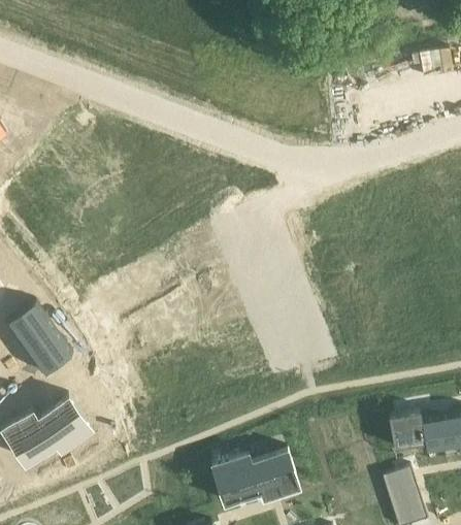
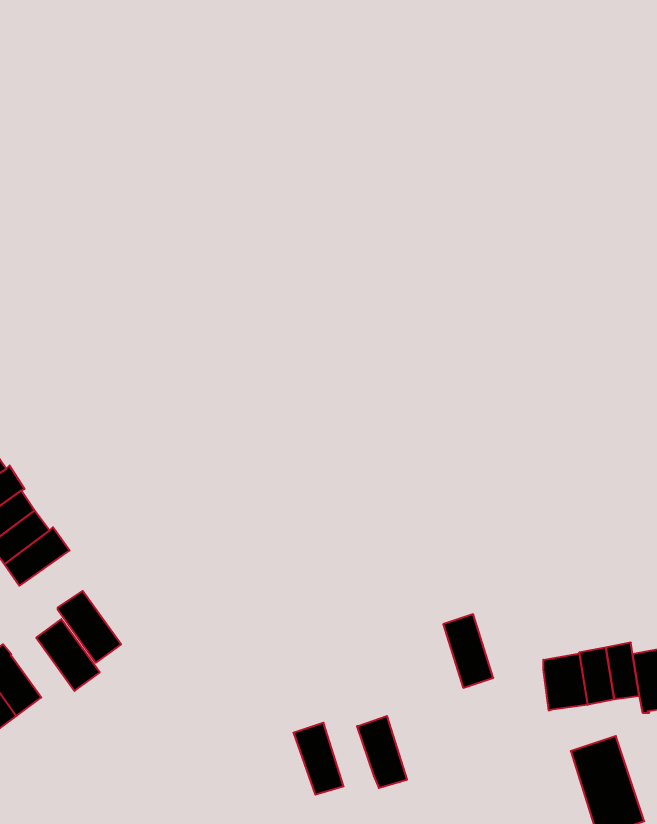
building: [37,407,76,452] -> [58,591,121,663]
building: none -> [543,653,588,711]
building: [269,450,300,495] -> [443,614,493,688]
building: [230,454,261,499] -> none

